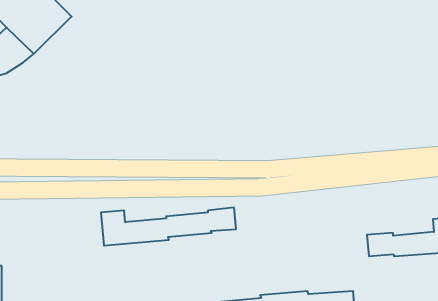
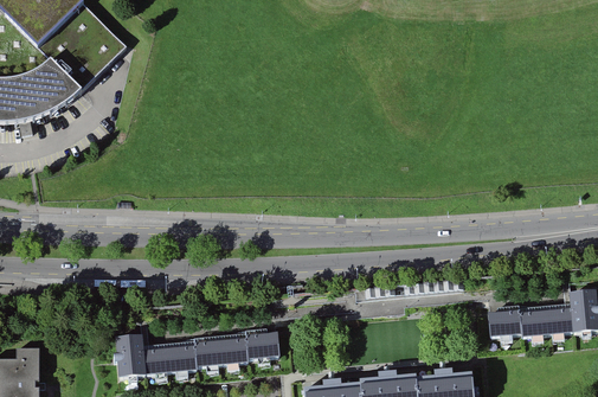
building: [101,208,236,246] -> [112,331,277,377]

